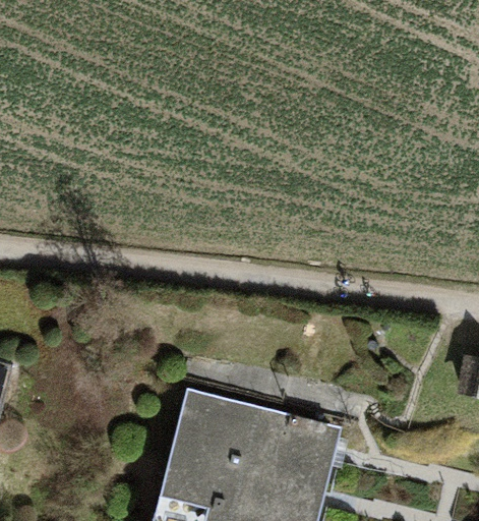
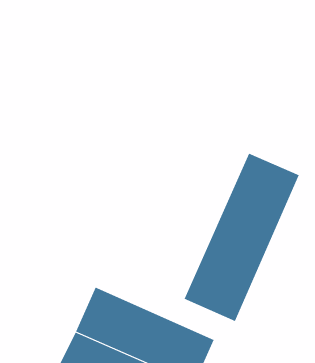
building: none -> [184,153,300,322]

